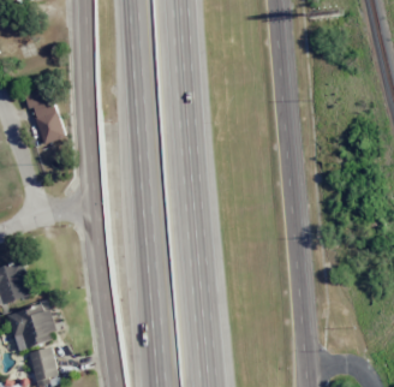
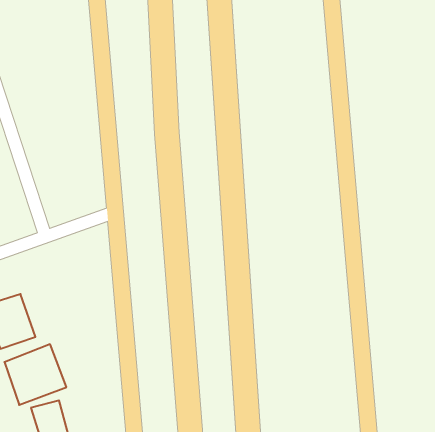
building: [25,88,64,145] -> none

